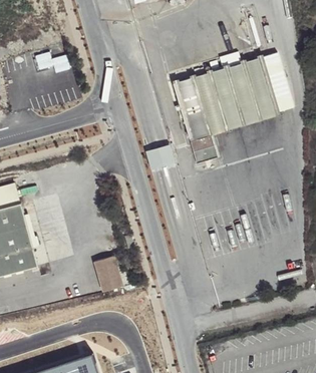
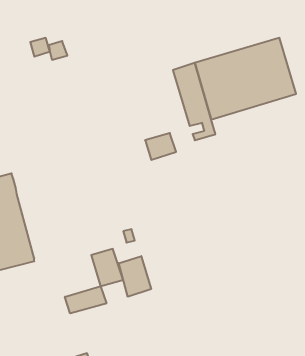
building: none -> [119,256,151,297]
building: none -> [65,286,106,313]

